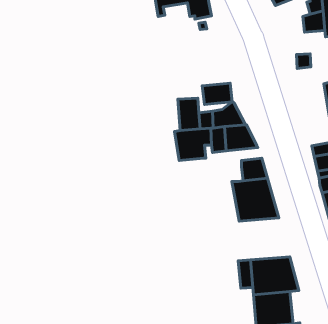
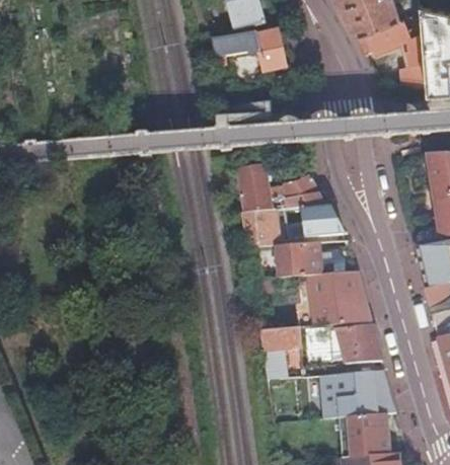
building: [202,83,232,105] -> none
building: none -> [276,241,319,279]
building: none -> [257,326,300,379]
building: none -> [334,326,381,363]

